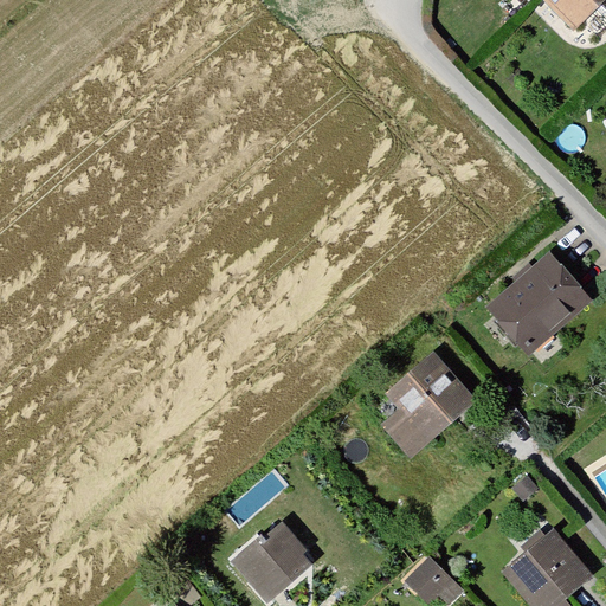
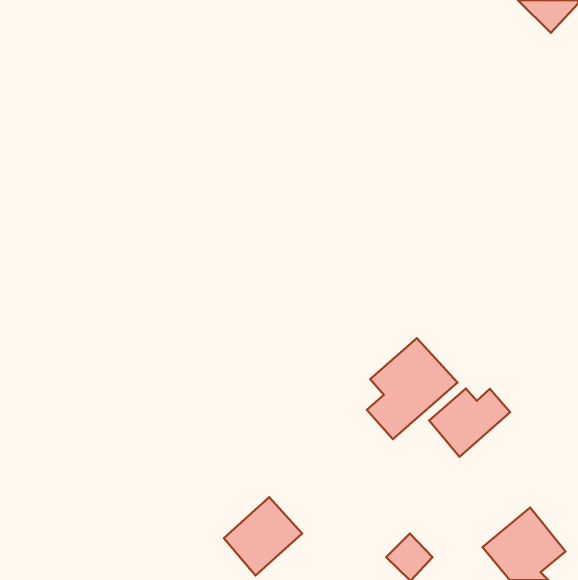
building: [483,250,593,355] -> none
building: none -> [429,389,510,457]

